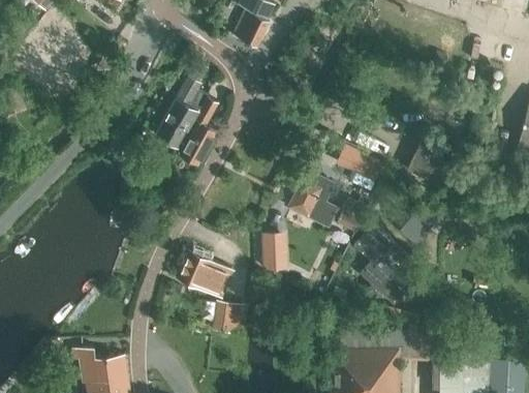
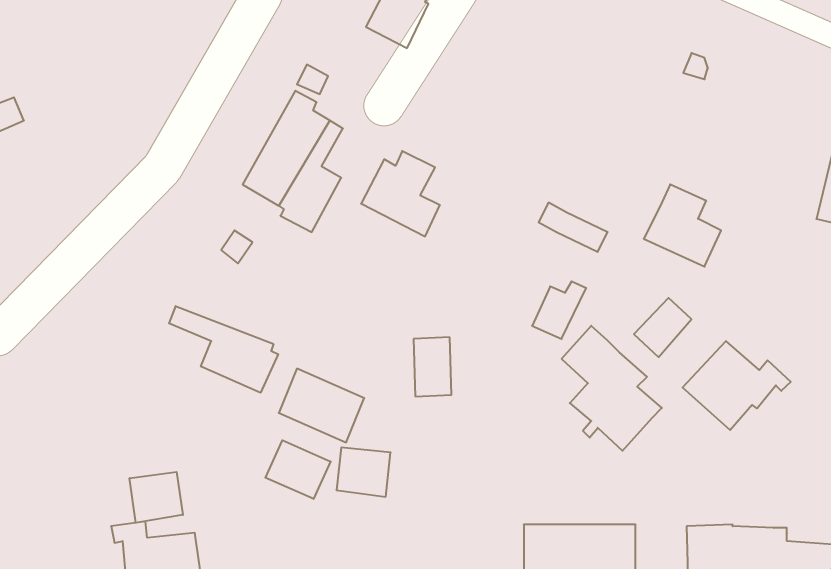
building: [288,174,338,228] -> [361,151,440,236]
building: none -> [169,306,278,393]
building: none -> [683,341,791,430]
building: none -> [265,440,331,499]
building: none -> [130,472,183,523]

